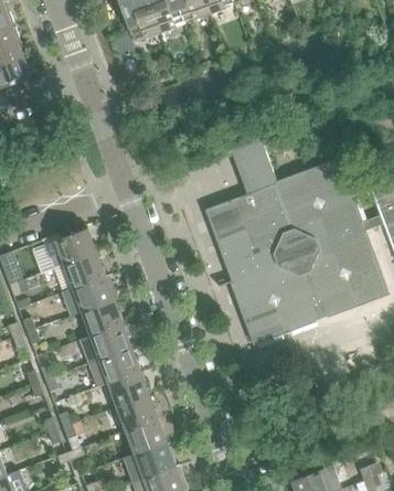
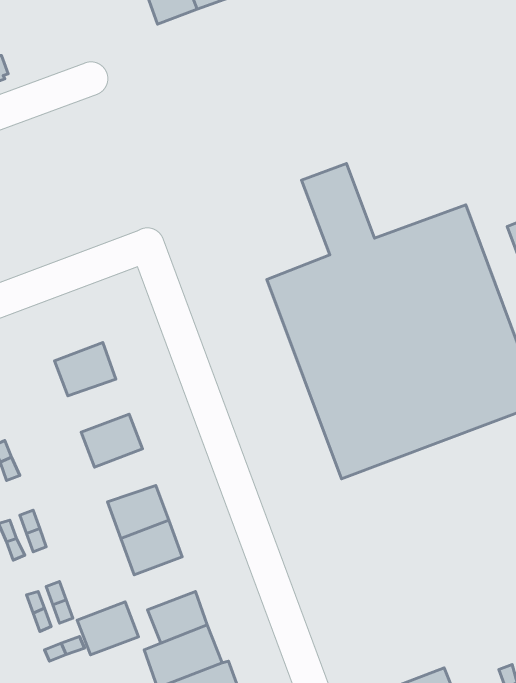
building: [45,228,96,268] -> none
building: [73,277,114,312] -> none
building: [90,323,131,359] -> none
building: [117,395,158,430] -> [77,602,139,655]

